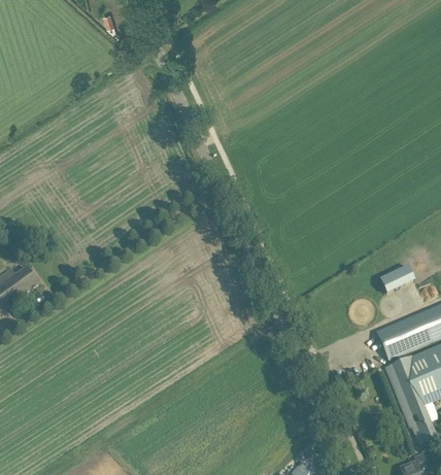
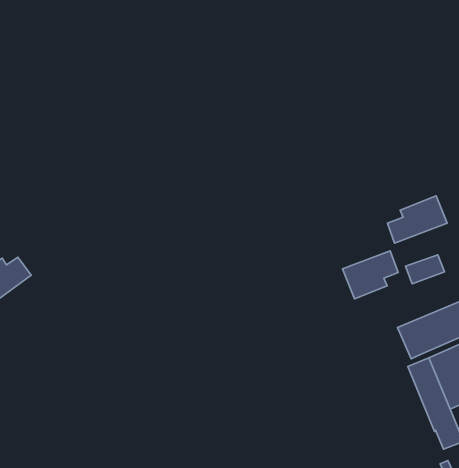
building: none -> [387,196,447,243]
building: none -> [342,251,398,299]

